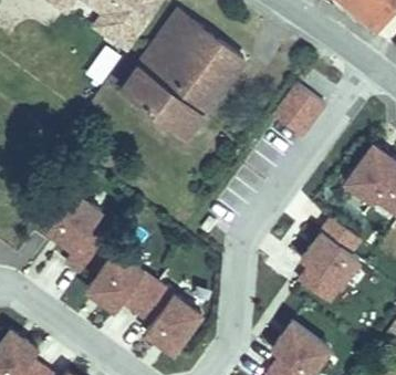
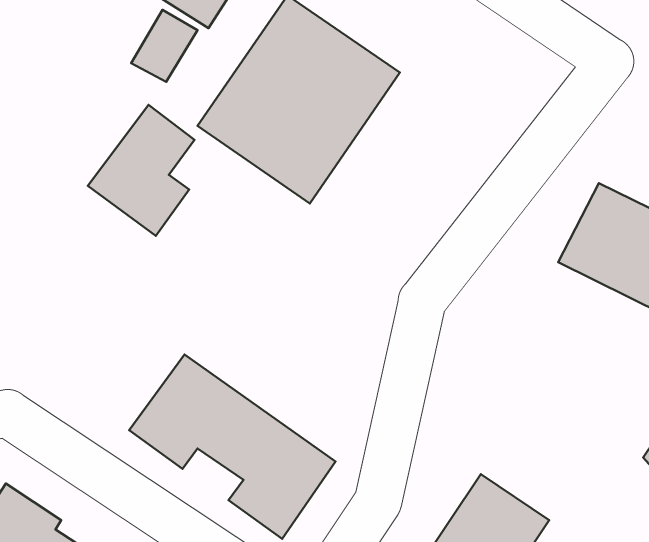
building: [272,77,331,137] -> none
building: [42,189,106,268] -> [88,105,195,236]
building: [290,215,373,302] -> none

